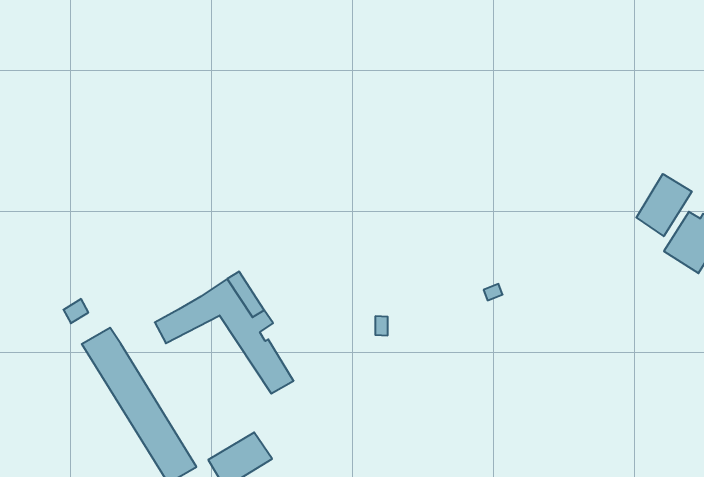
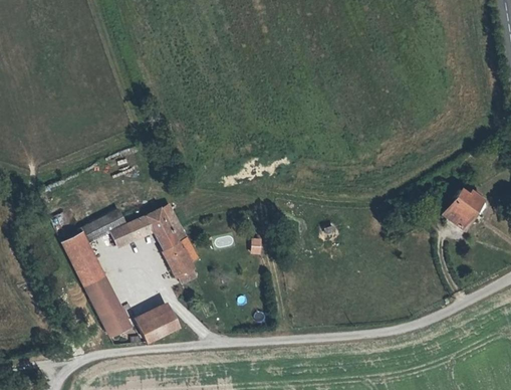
building: [636,174,692,236] -> none
building: none -> [79,209,126,243]

